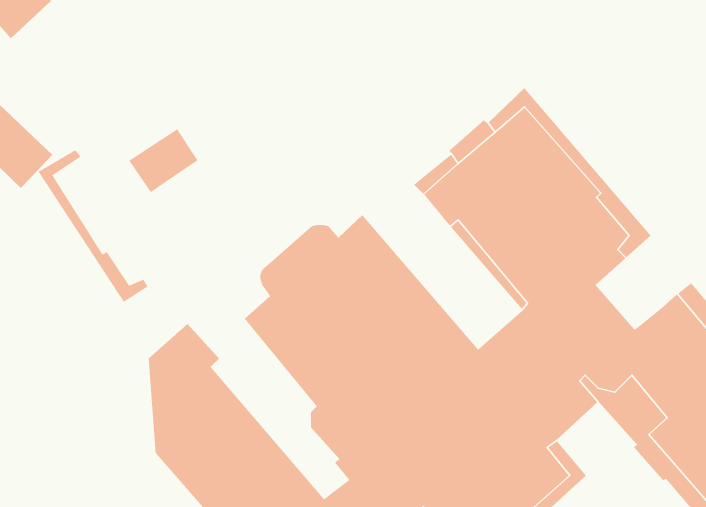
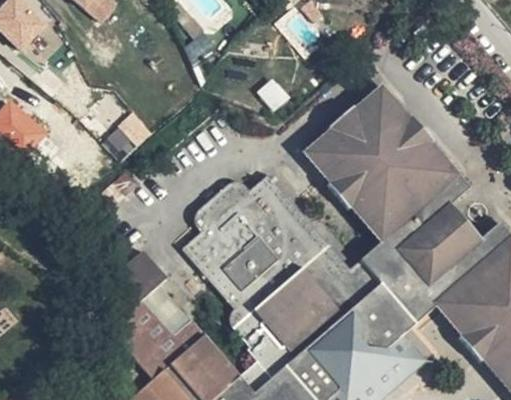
building: [37,149,148,303] -> none
building: none -> [433,207,480,255]

